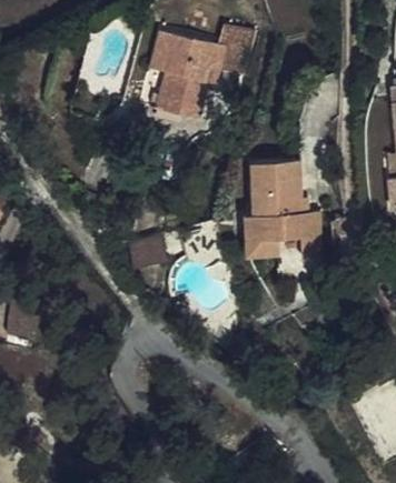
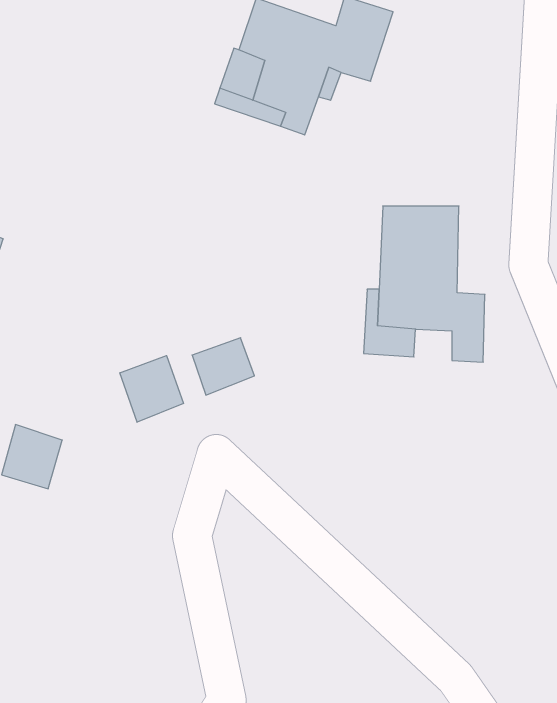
building: none -> [120,356,184,422]

